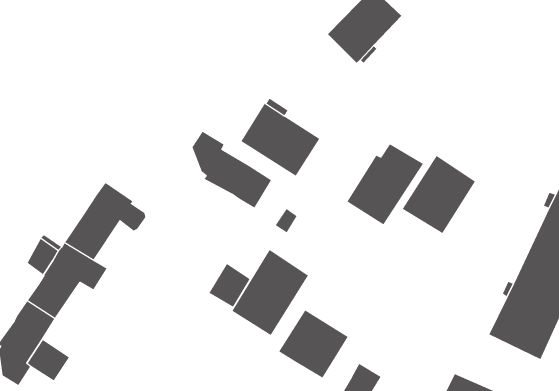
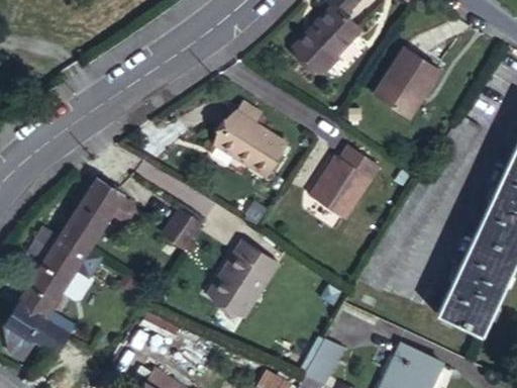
building: [192,131,272,208] -> none
building: [402,155,476,234] -> [373,46,438,116]
building: [208,263,250,308] -> [164,208,201,248]
building: [278,310,348,378] -> none

